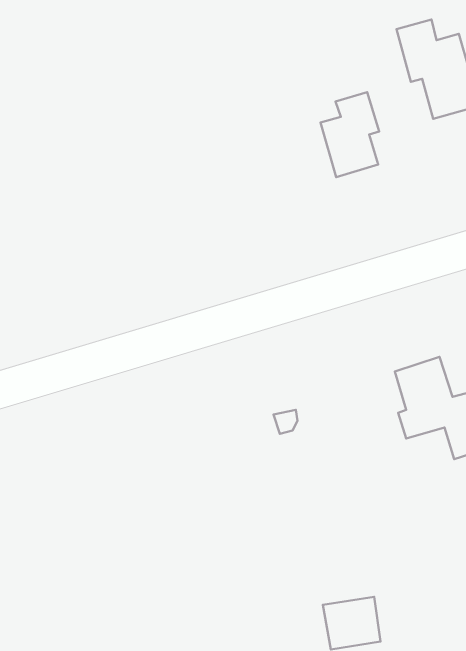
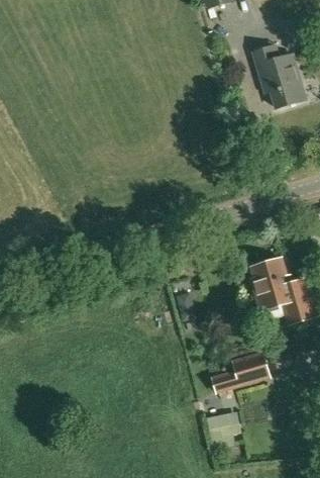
building: [321,92,379,177] -> none
building: none -> [212,353,269,392]

